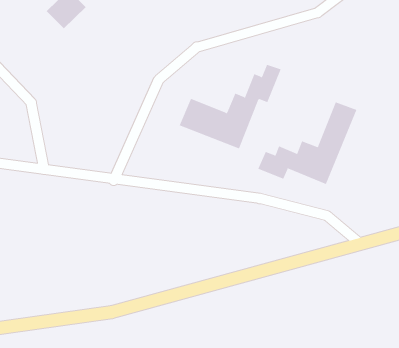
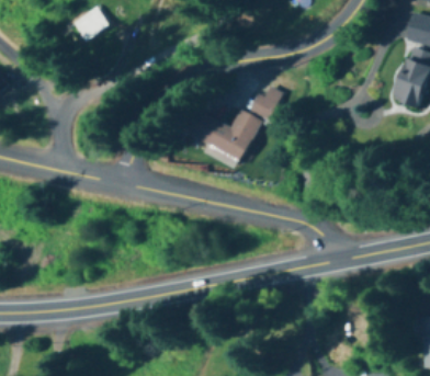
building: [257,102,357,185] -> none

